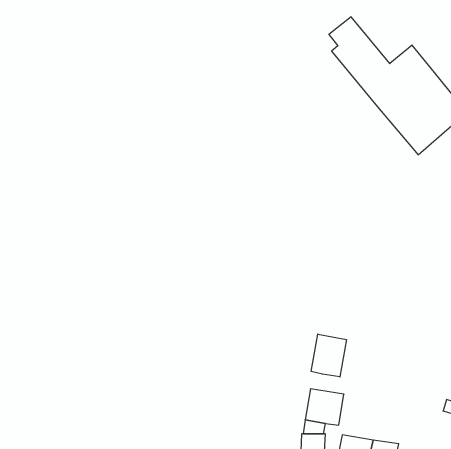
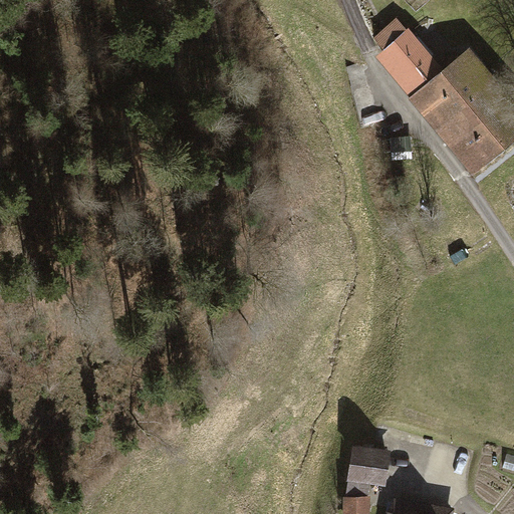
building: [311,334,346,377] -> none

